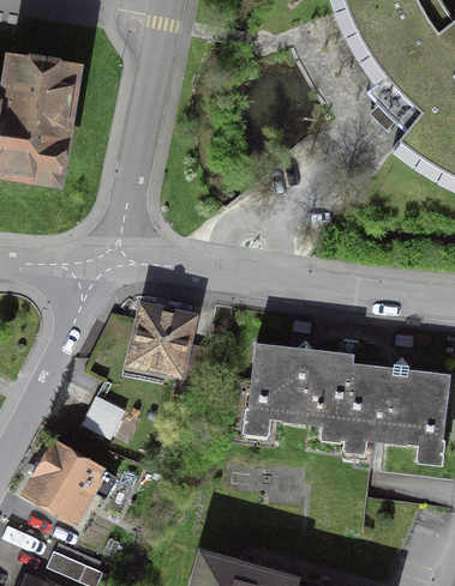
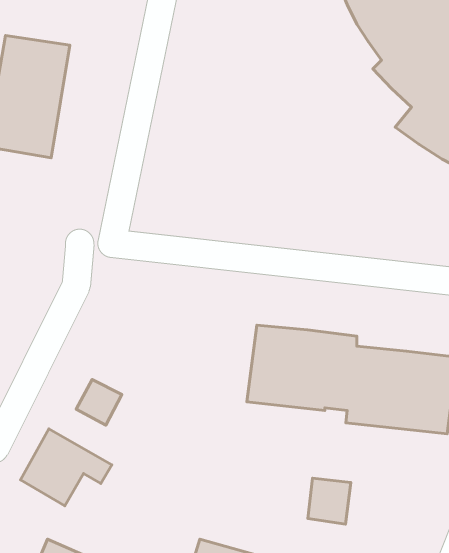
building: [131,308,209,397] -> none
building: none -> [308,478,351,524]

